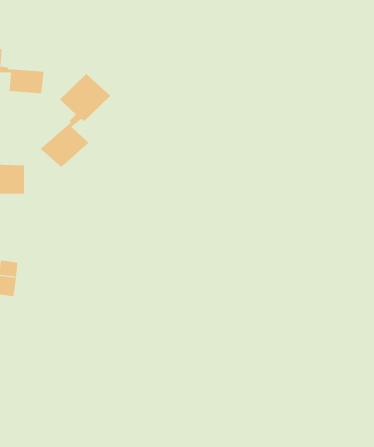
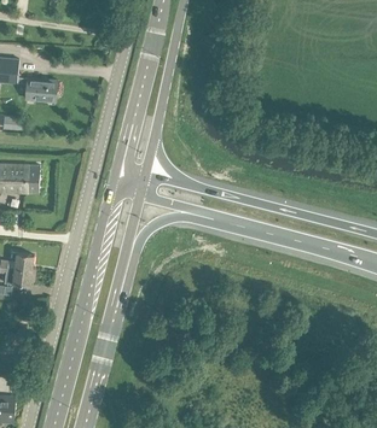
building: [39,73,111,168] -> none

